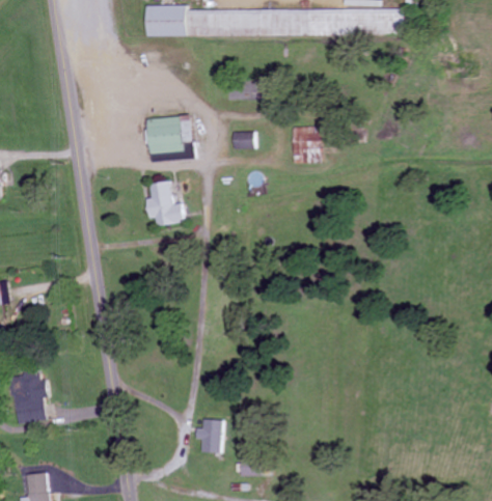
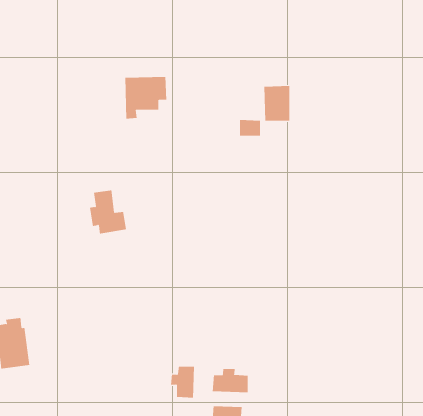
building: [234,131,256,148] -> [239,119,261,136]
building: [145,179,185,226] -> [89,190,127,234]
building: none -> [212,368,248,393]

